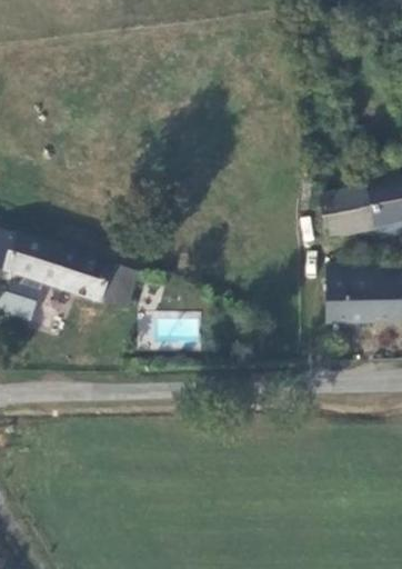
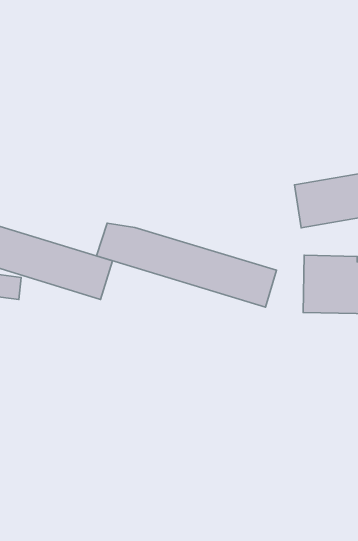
building: none -> [97,223,277,307]

